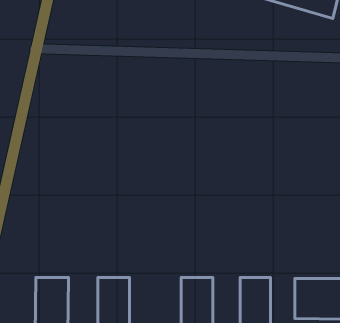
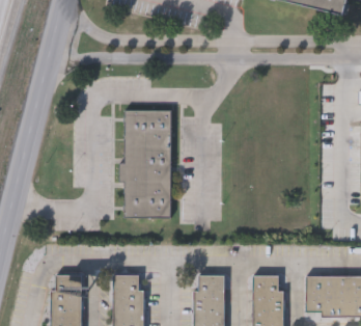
building: none -> [123,110,171,217]

